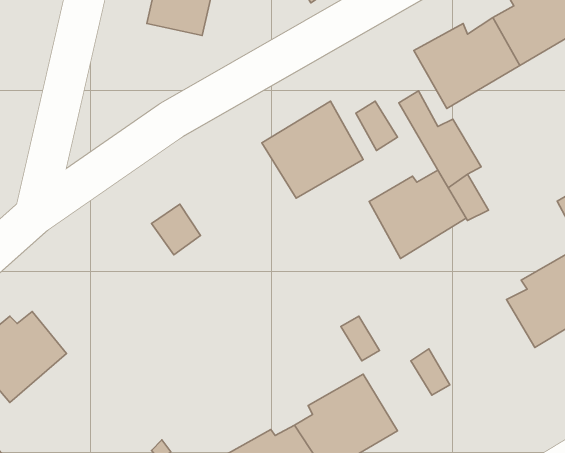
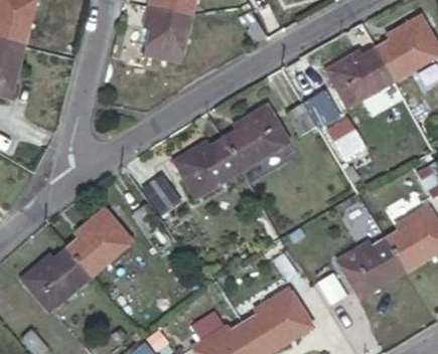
building: none -> [173,134,244,199]
building: [369,170,466,258] -> [339,239,405,299]
building: none -> [65,208,130,276]

